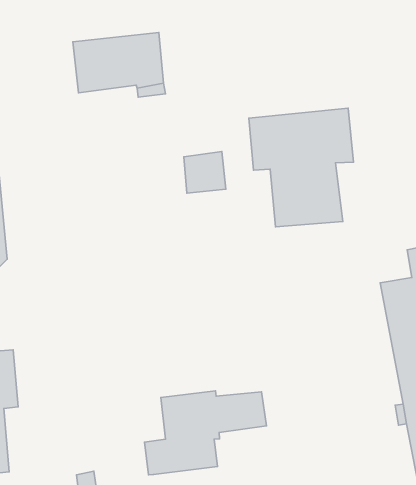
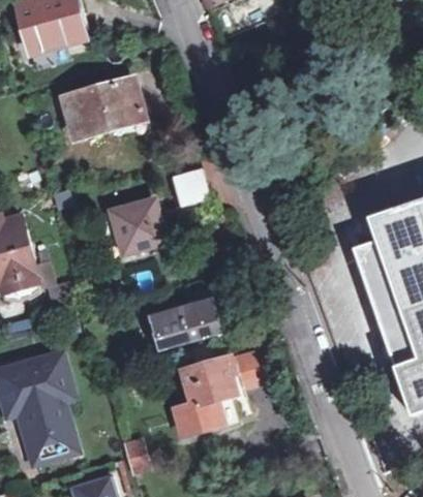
building: [249,108,354,227] -> none
building: none -> [107,196,165,254]
building: none -> [152,299,225,350]

